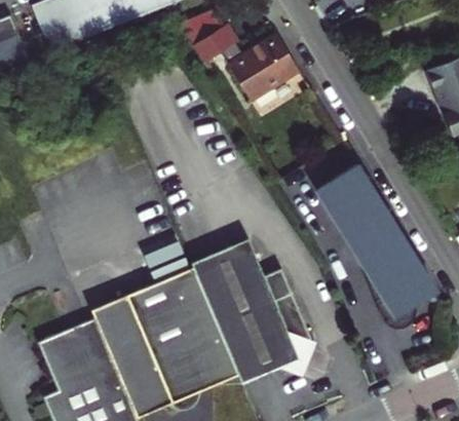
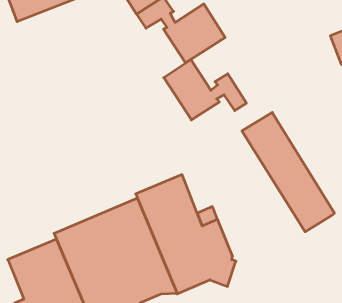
building: none -> [164,59,246,120]
building: [315,185,432,326] -> none

